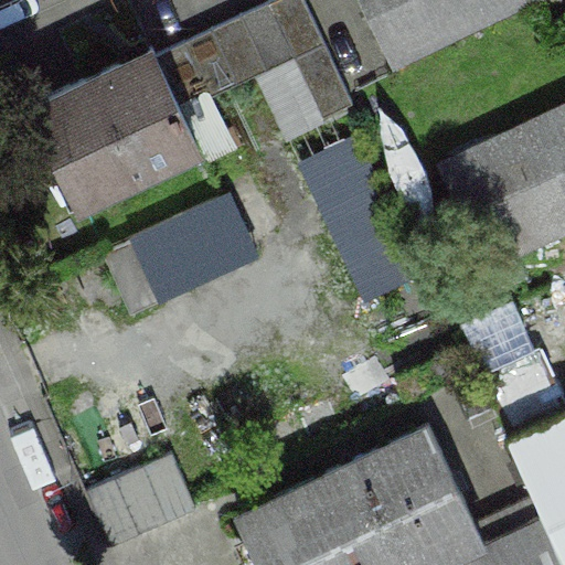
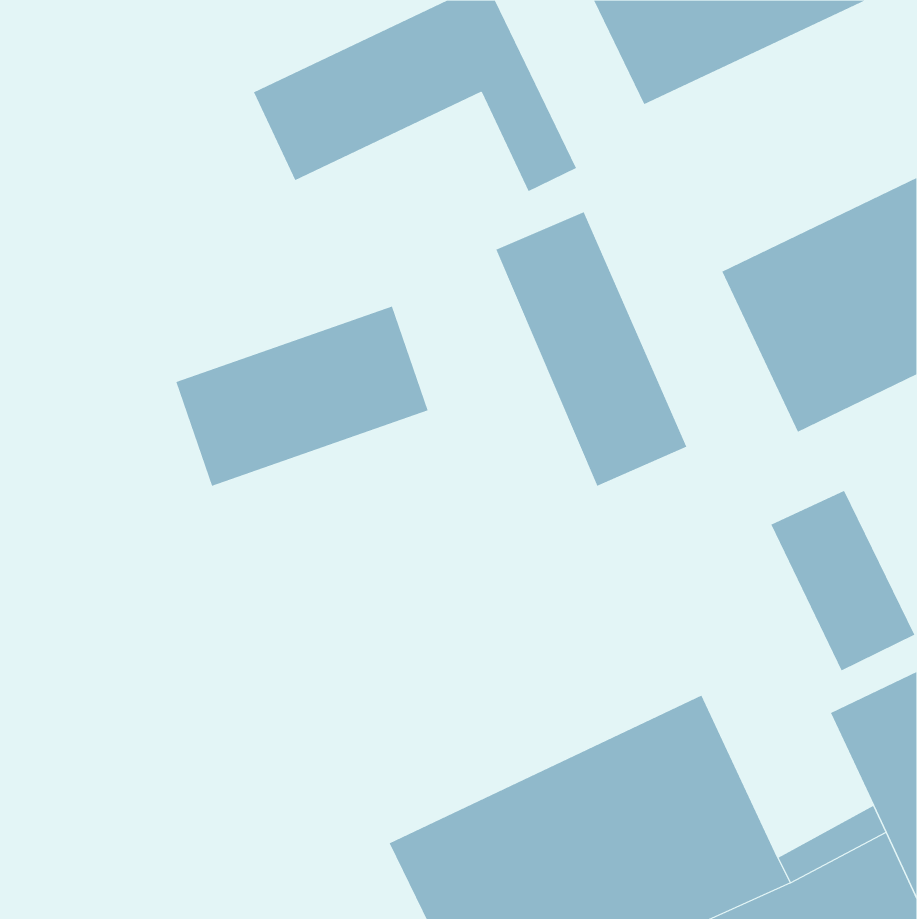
building: [32,51,196,204] -> none
building: [90,450,200,545] -> none

